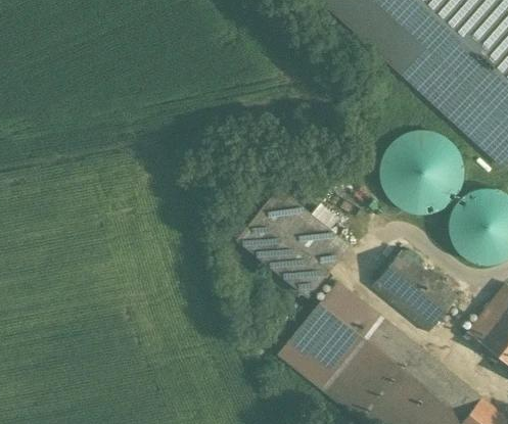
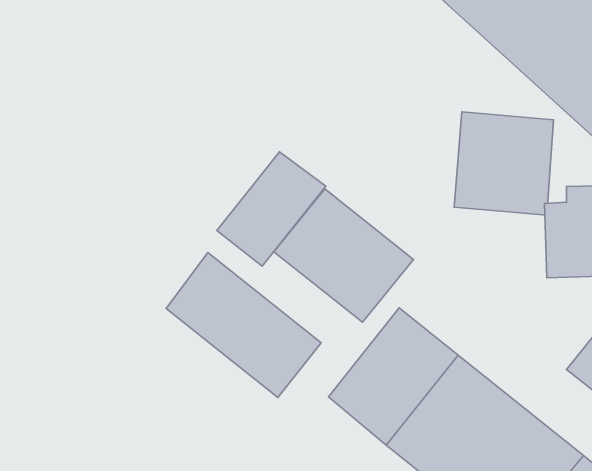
building: none -> [217,152,326,266]
building: none -> [166,252,321,398]
building: [373,251,459,334] -> none

